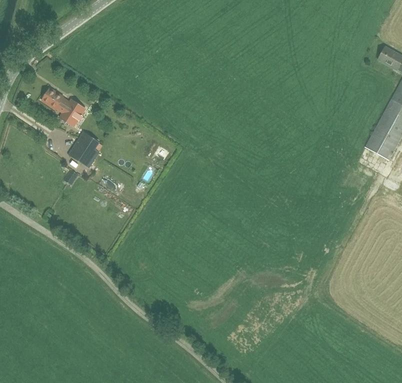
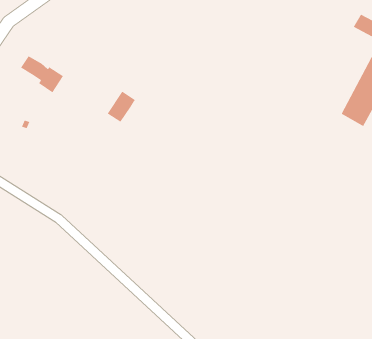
building: [69,131,98,163] -> [107,91,136,123]

